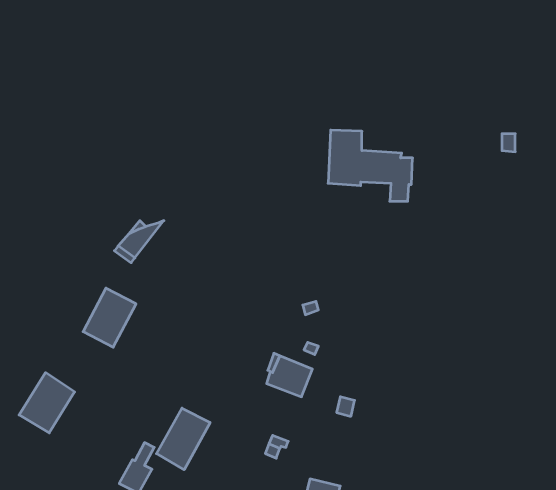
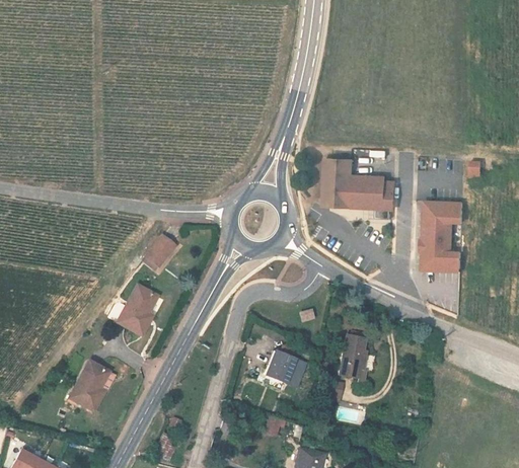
building: none -> [416,203,459,272]
building: none -> [342,337,369,385]
building: [156,408,210,470] -> none

